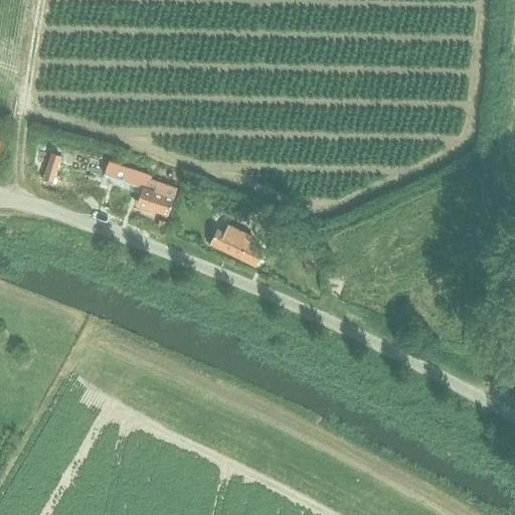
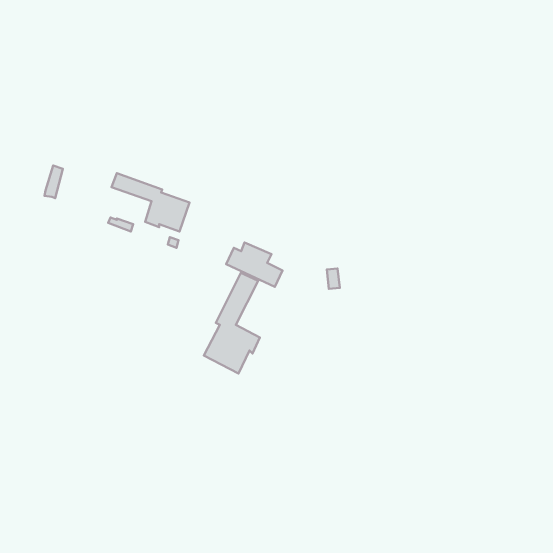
building: none -> [204,273,260,373]

